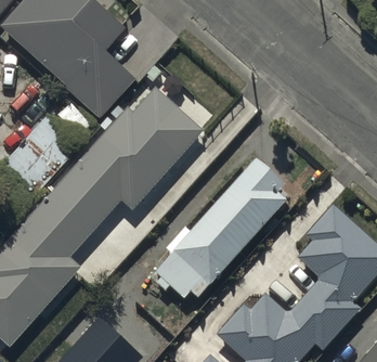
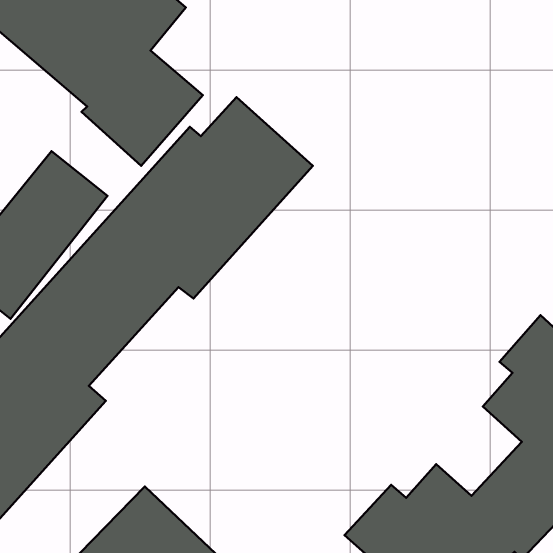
building: [156,166,287,301] -> none

